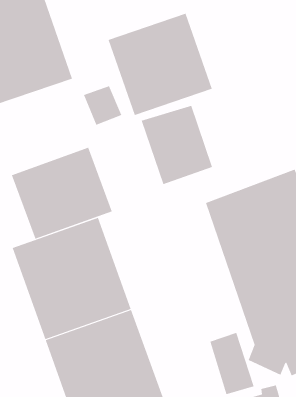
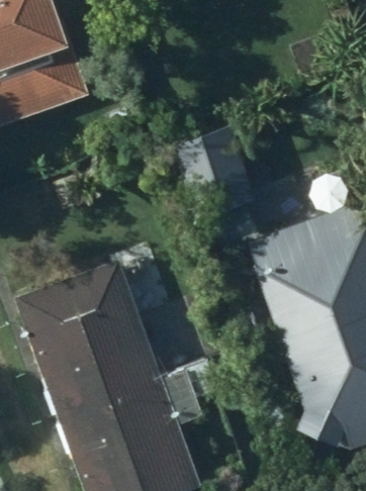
building: [108,13,213,116] -> none
building: [11,147,112,240] -> none

